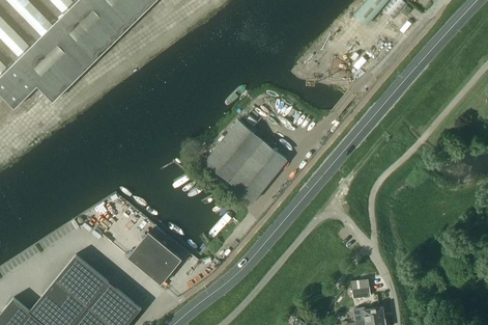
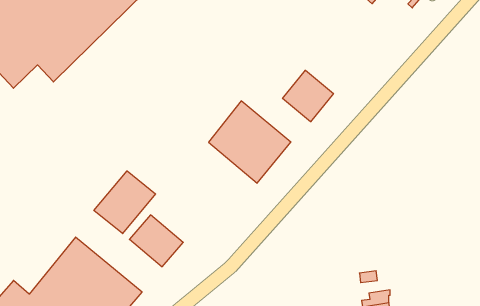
building: none -> [283,70,333,122]
building: none -> [94,171,156,234]

